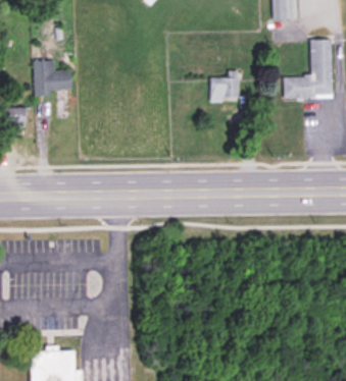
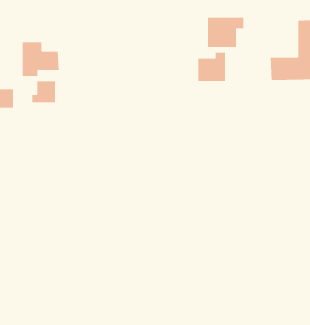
building: none -> [208,17,244,48]
building: none -> [32,80,56,103]

